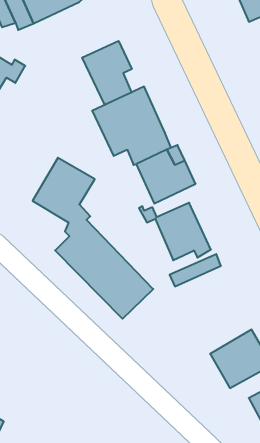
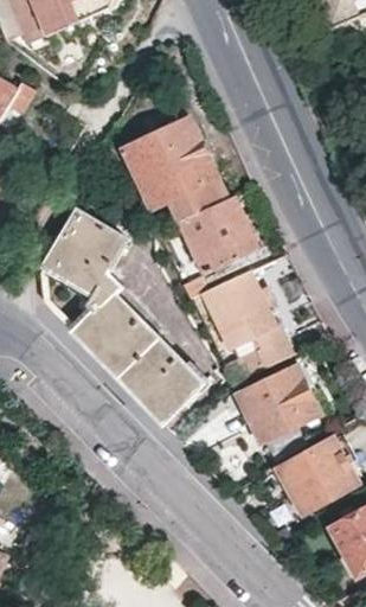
building: [82,41,132,105] -> none
building: none -> [237,363,321,439]

